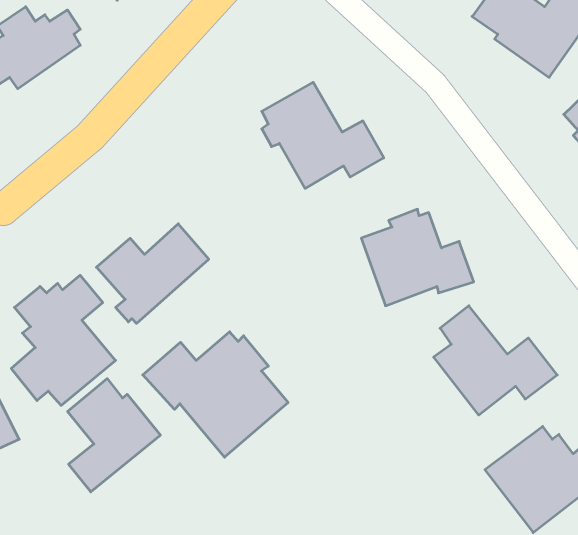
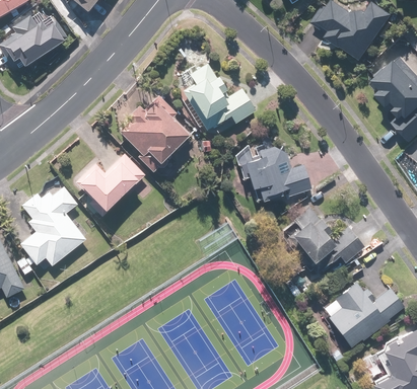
building: none -> [118,94,190,172]
building: [143,332,288,457] -> none
building: [68,379,160,492] -> none

